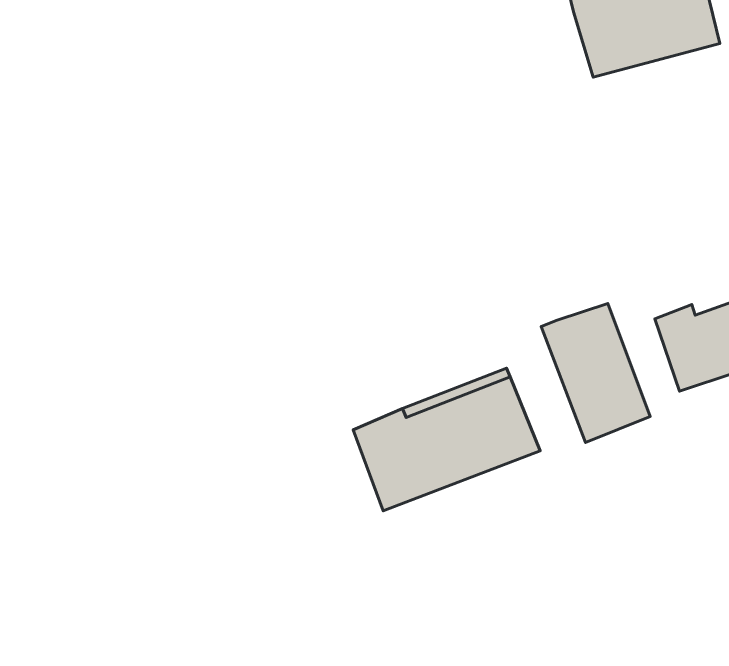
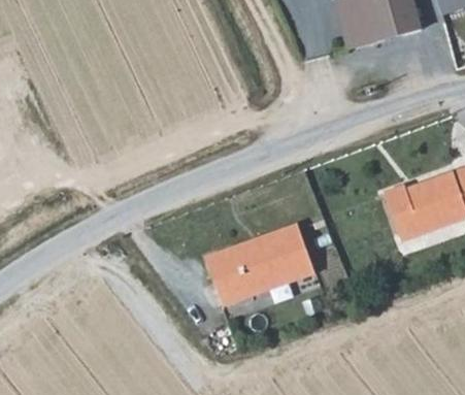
building: [541,303,650,442] -> none

